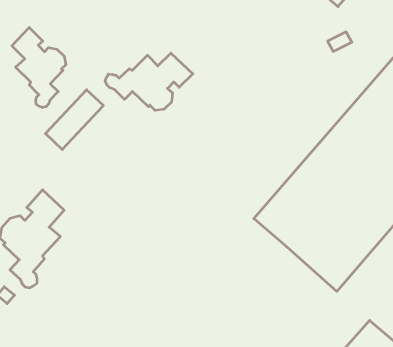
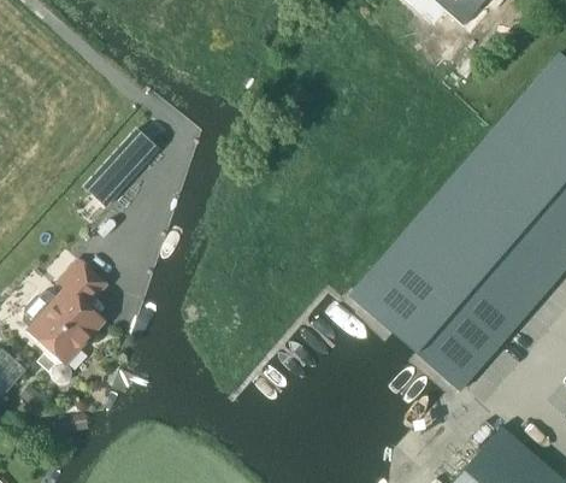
building: [12,27,66,108] -> none
building: [105,53,193,110] -> none

